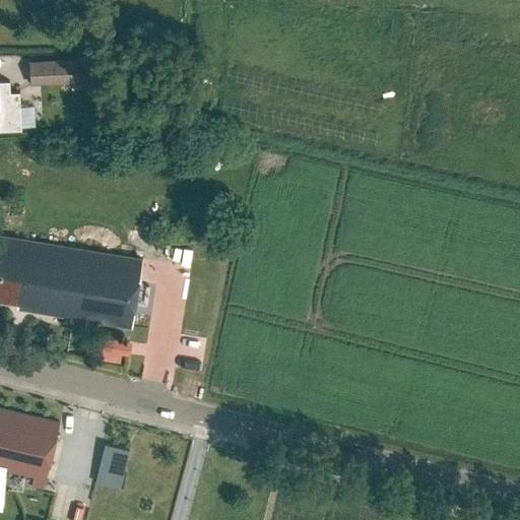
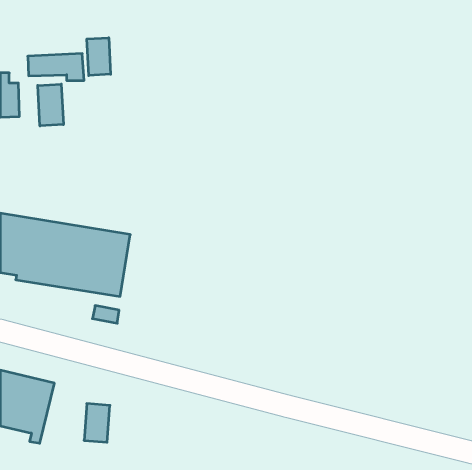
building: none -> [87,38,111,76]
building: none -> [38,84,63,126]

